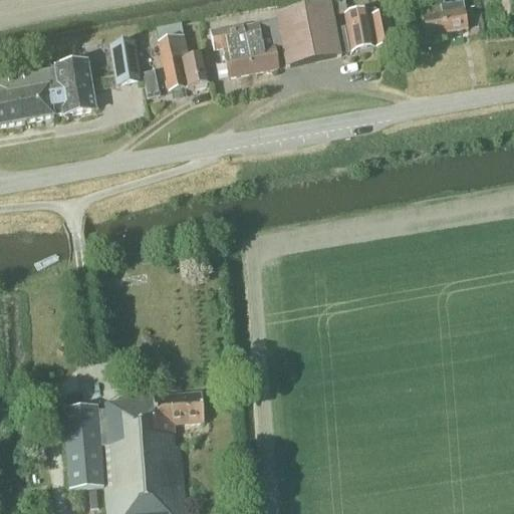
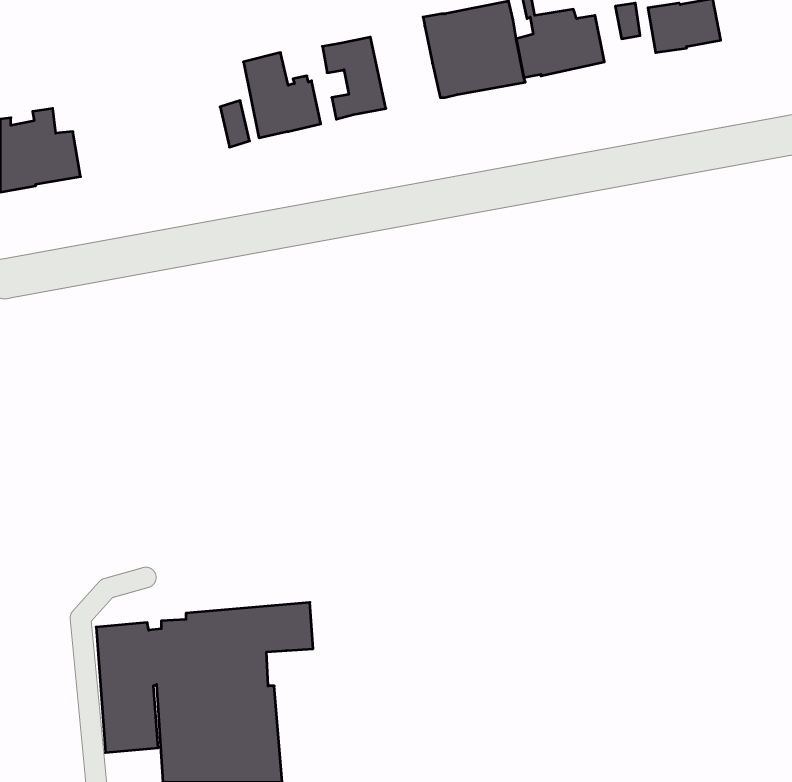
building: [240,17,280,70] -> none
building: [108,40,140,83] -> none
building: [34,61,92,114] -> none

